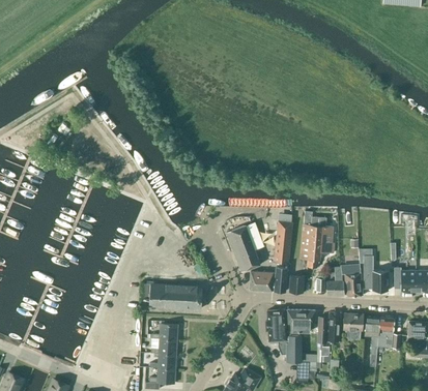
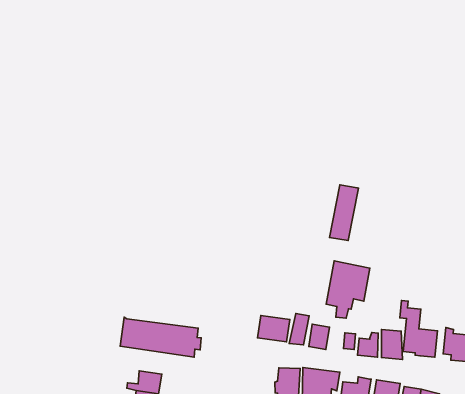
building: [274,220,292,263] -> [330,185,358,241]
building: [226,224,260,271] -> none

